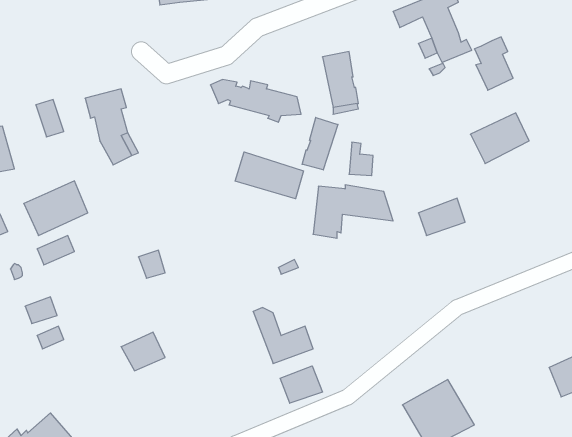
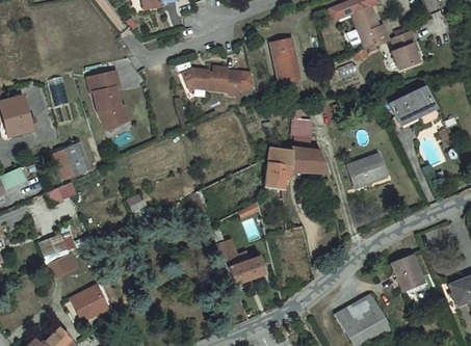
building: [302,117,338,170] -> none
building: [235,152,303,199] -> none
building: none -> [391,255,425,292]
building: [121,332,165,371] -> [73,283,107,313]
building: [280,366,322,403] -> none

